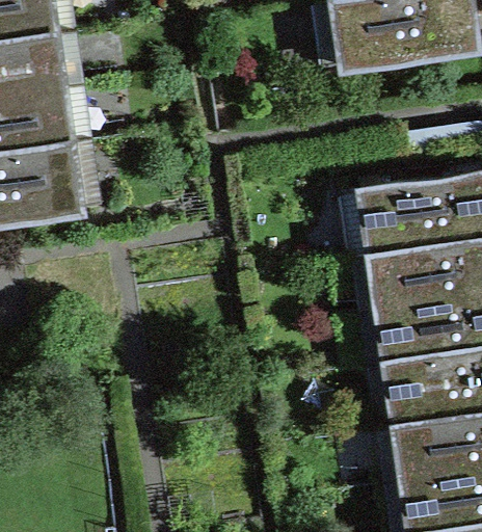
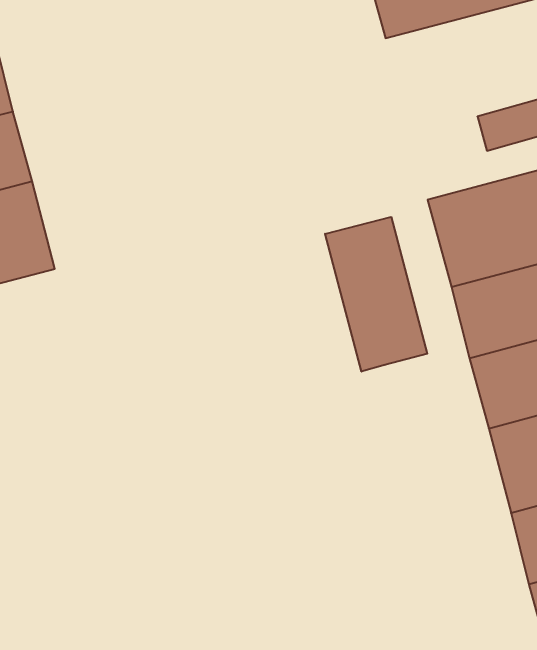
building: none -> [325,217,427,372]

